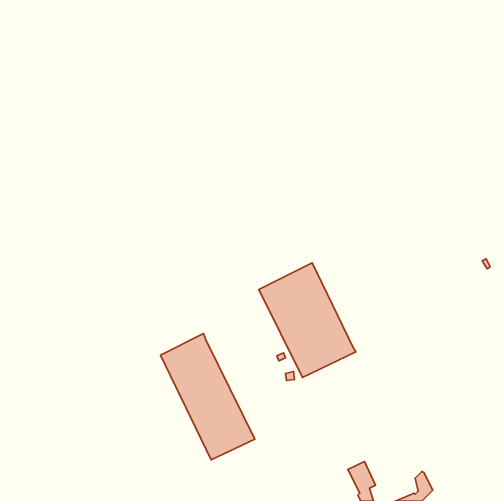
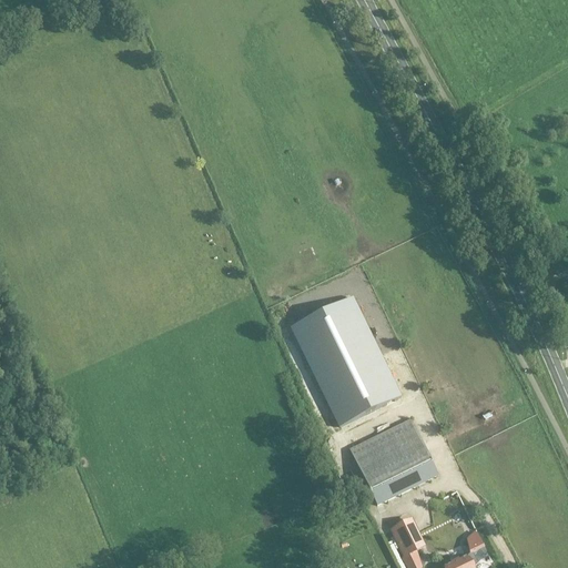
building: [160,334,255,460] -> none
building: none -> [349,419,437,503]

